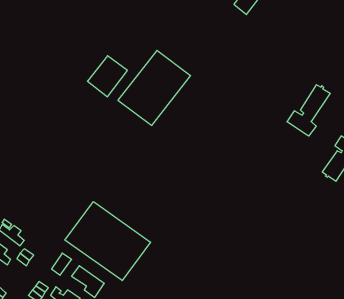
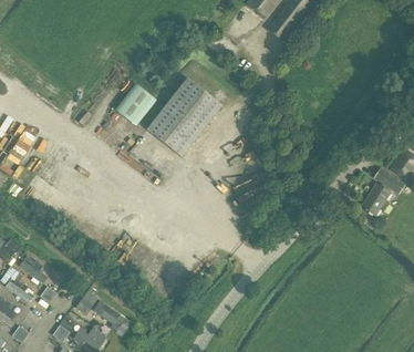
building: [287,85,330,136] -> none
building: [65,202,151,281] -> none

